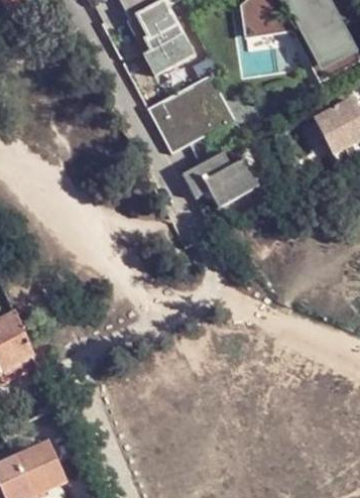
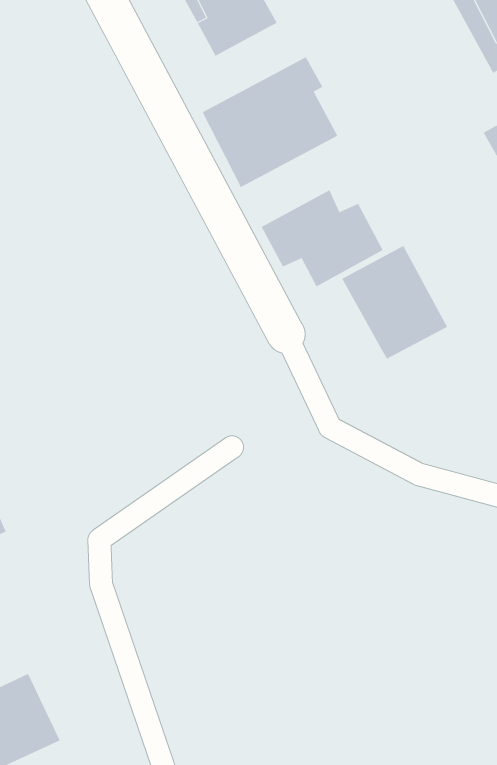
building: none -> [341,245,448,360]

